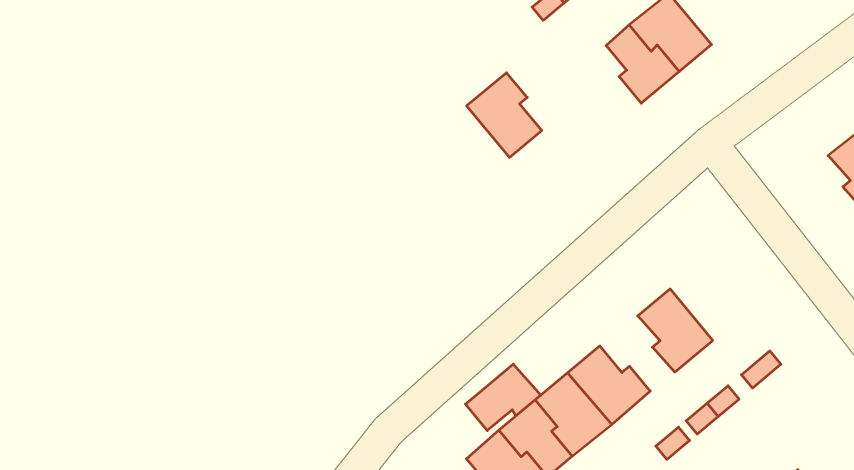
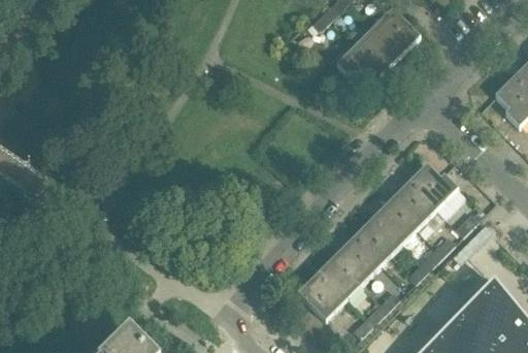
building: [467,73,542,157] -> [337,40,383,90]
building: none -> [409,161,459,207]
building: none -> [371,197,417,240]
building: [465,364,541,431] -> none

